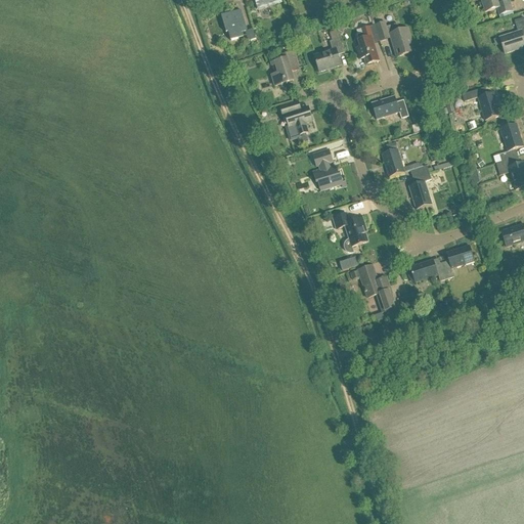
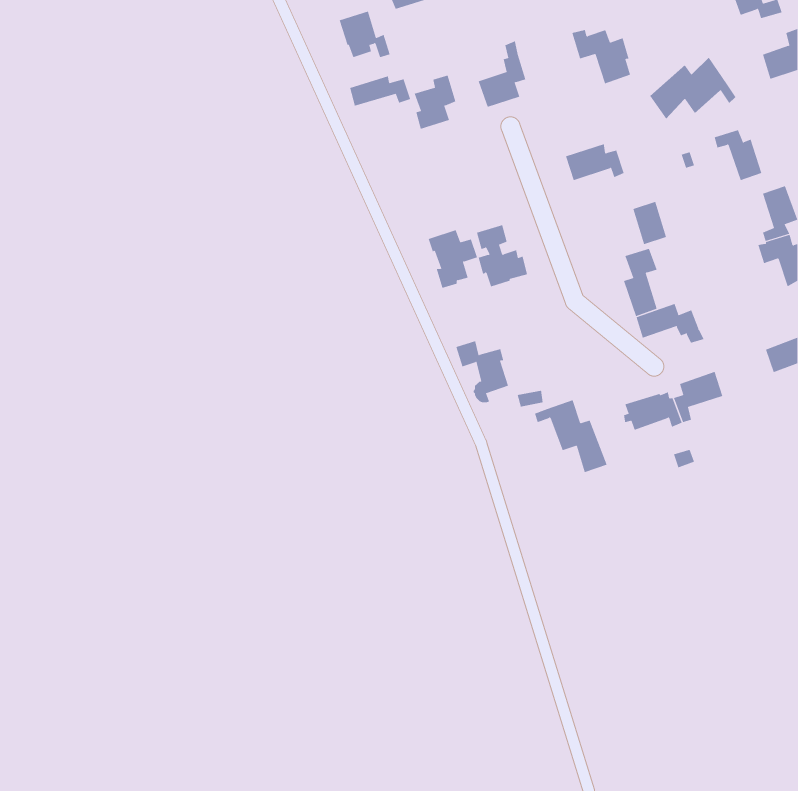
building: [356,21,380,61] -> none
building: none -> [649,57,736,120]
building: none -> [350,76,411,106]
building: [280,99,313,138] -> [428,229,478,289]
building: [382,146,404,175] -> [633,201,667,245]
building: none -> [636,303,705,344]
building: [334,211,368,252] -> [456,341,509,403]

